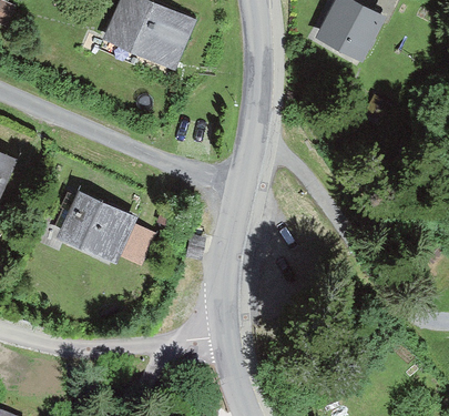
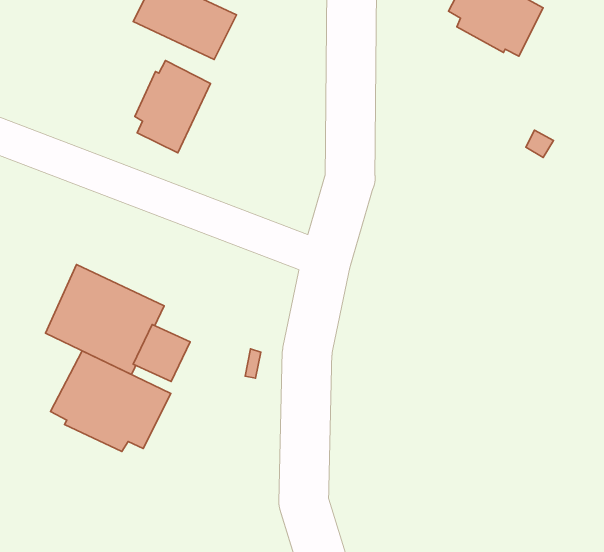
building: none -> [135,61,210,153]
building: none -> [51,351,171,452]

